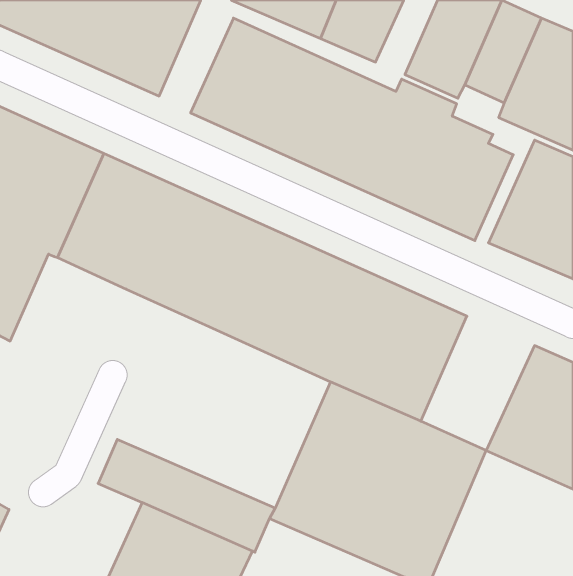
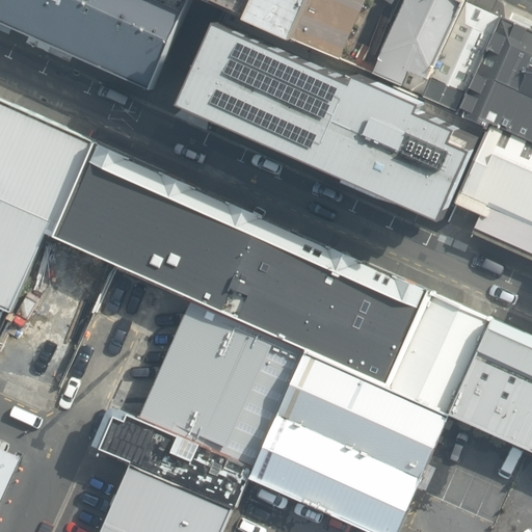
building: none -> [388,292,493,416]
building: none -> [139,301,304,469]

